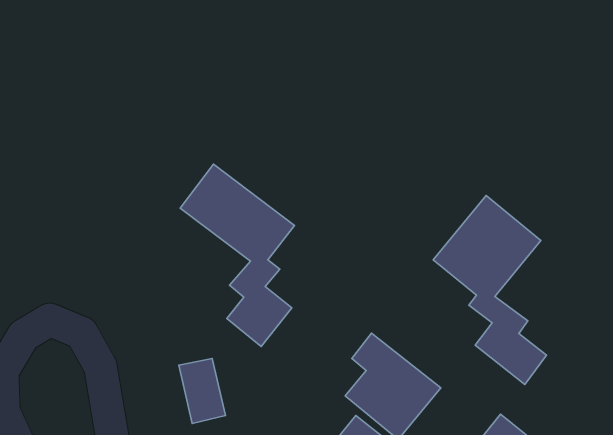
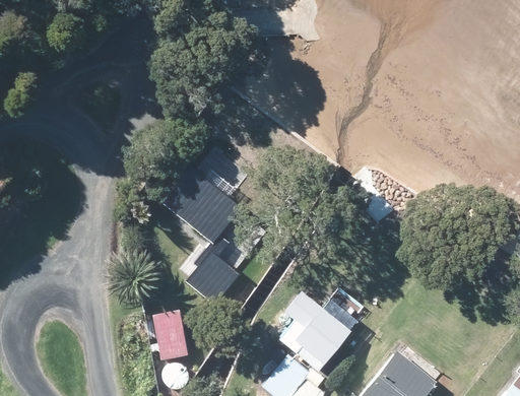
building: [433,196,547,385] -> none

